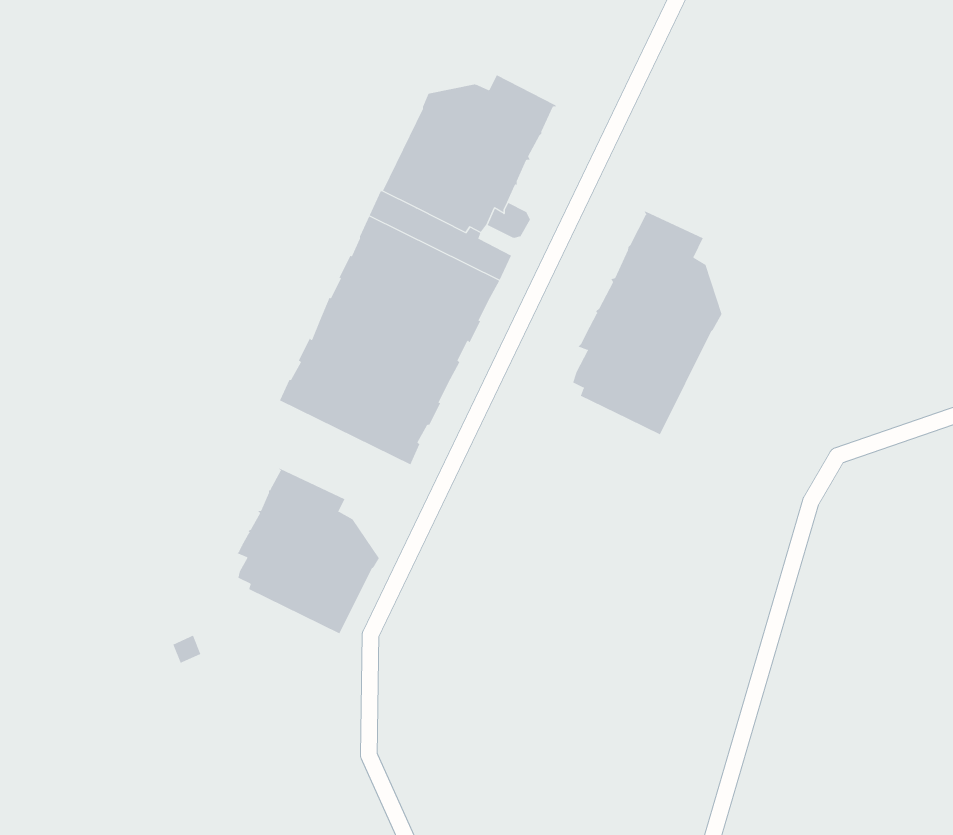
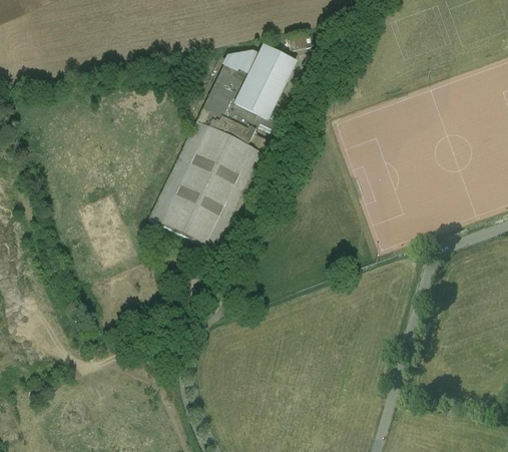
building: [572,211,722,435] -> none
building: [236,468,380,634] -> none

